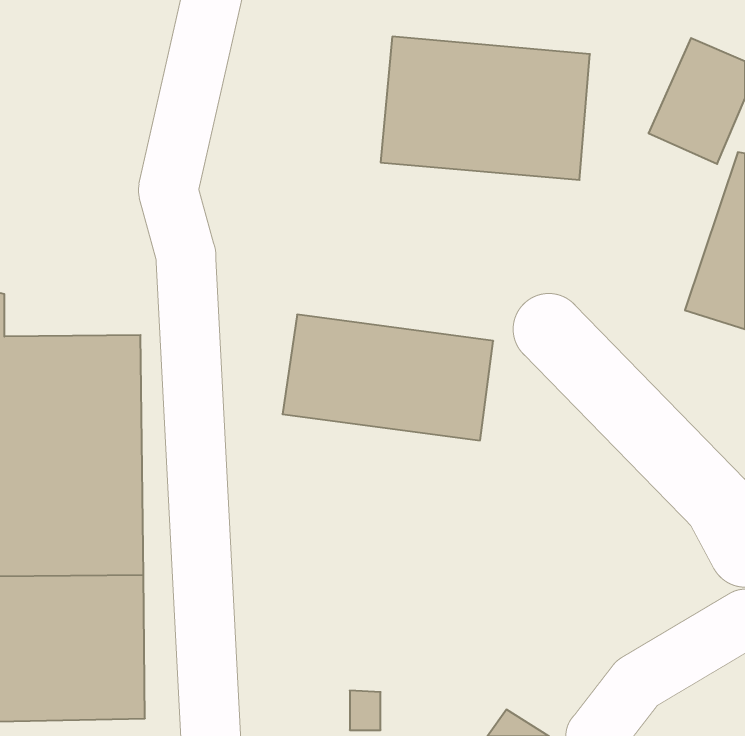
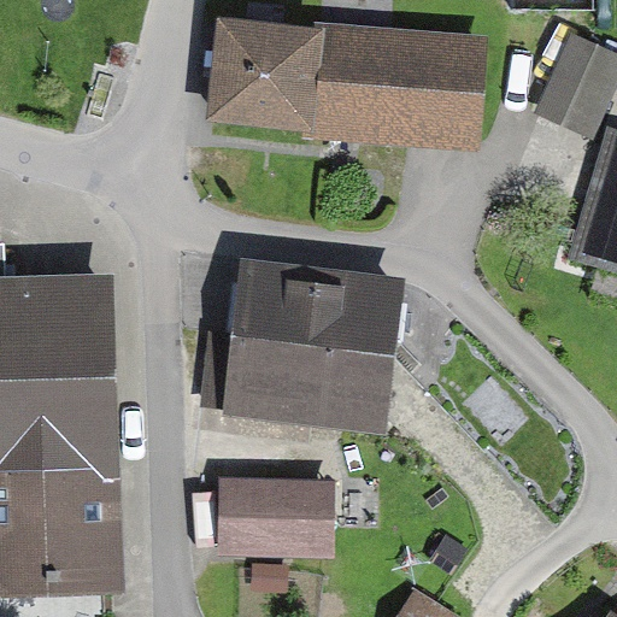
building: none -> [207,19,323,134]
building: none -> [222,341,395,437]
building: none -> [221,476,337,551]

